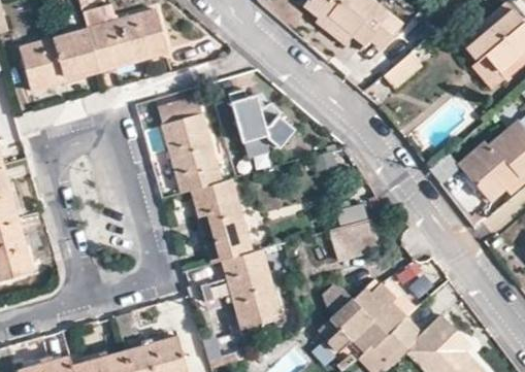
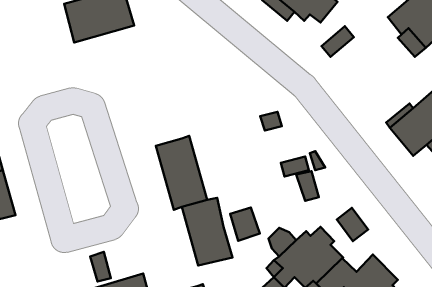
building: [20,27,99,90] -> none
building: [231,90,298,149] -> none
building: [158,91,223,192] -> none
building: [330,223,364,261] -> [230,207,260,241]

